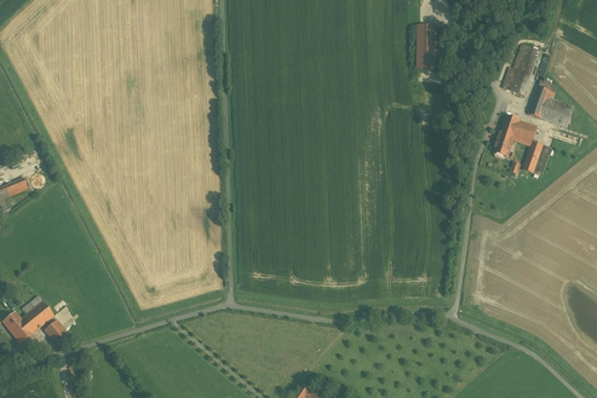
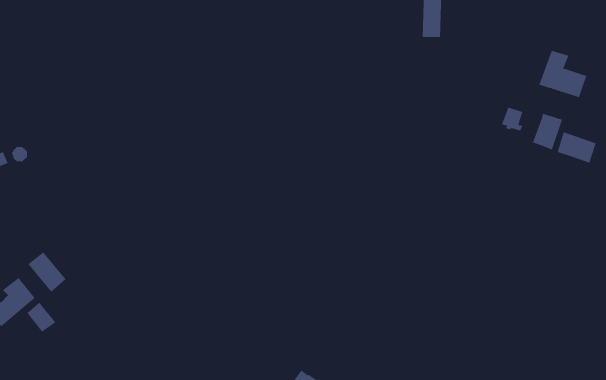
building: [503,45,539,96] -> none
building: [499,116,536,146] -> [557,132,596,164]
building: none -> [27,251,66,292]

